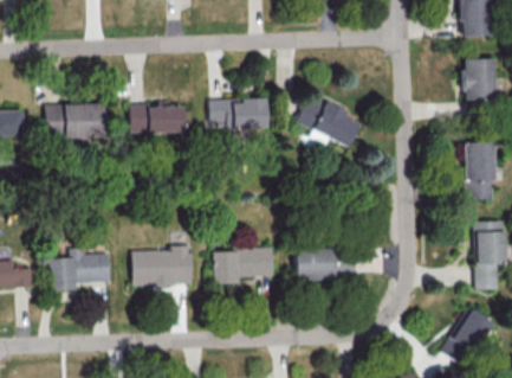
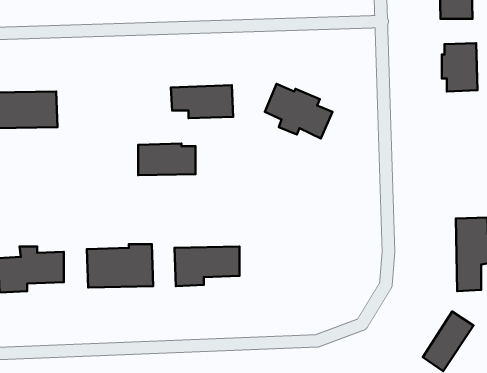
building: [130,103,183,133] -> [138,143,195,175]
building: [464,142,494,199] -> none
building: [296,249,356,281] -> none

